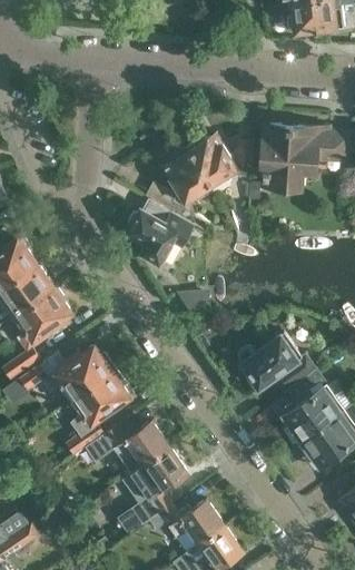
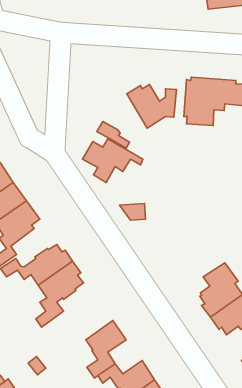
building: [164,146,214,203] -> none
building: [238,323,317,394] -> none
building: [86,422,168,473] -> none

